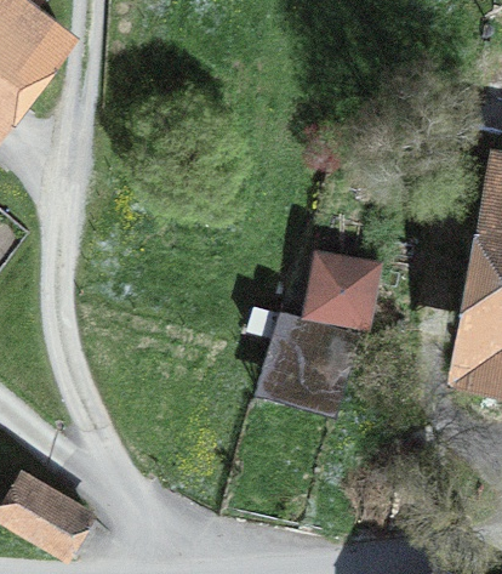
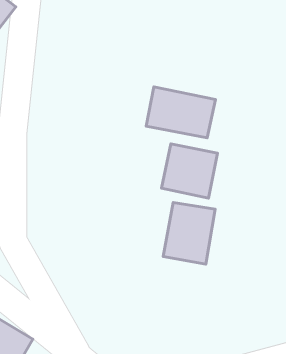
building: none -> [146,87,215,138]

